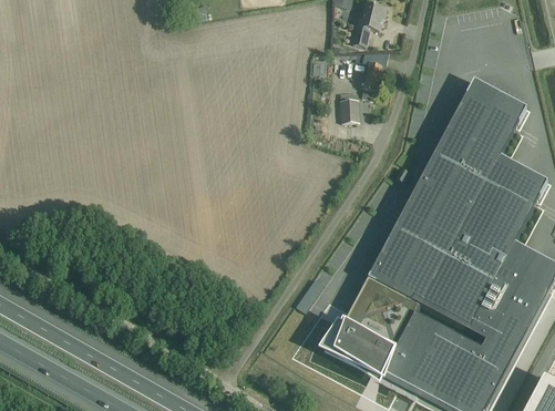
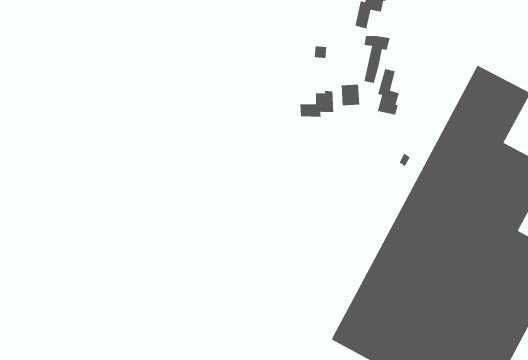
building: none -> [377,68,400,116]
building: none -> [299,90,334,117]

